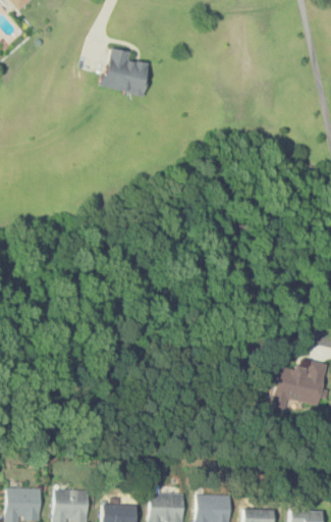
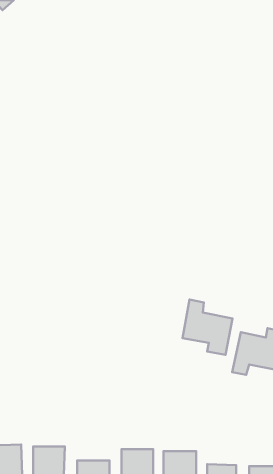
building: [103,47,153,96] -> none
building: none -> [182,300,233,355]

